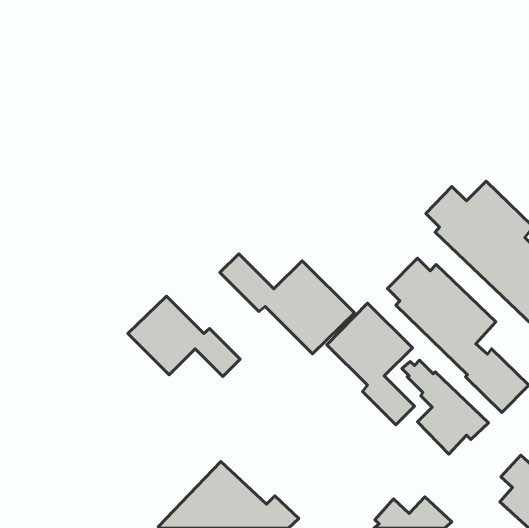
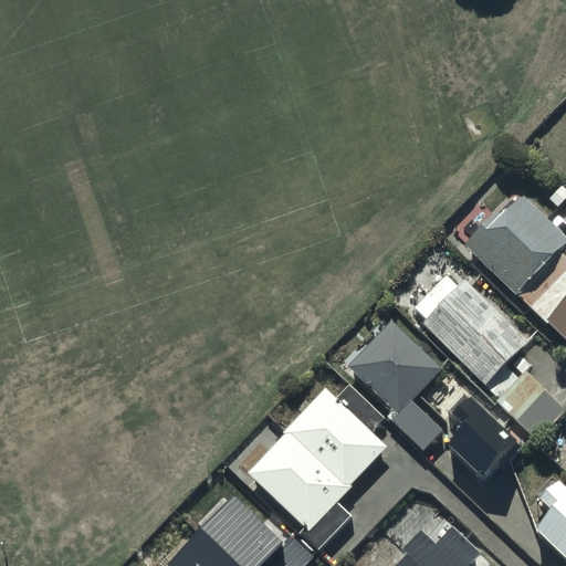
building: [220,254,354,354] -> none
building: [128,296,240,377] -> none
building: none -> [248,385,388,548]

